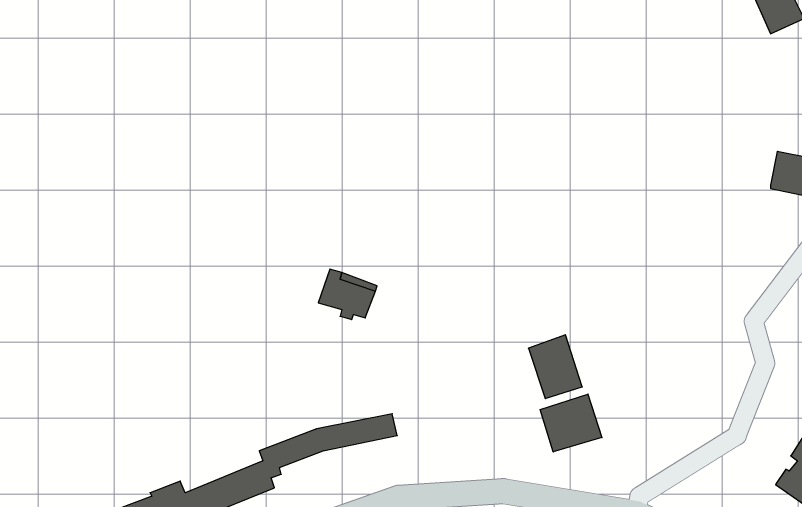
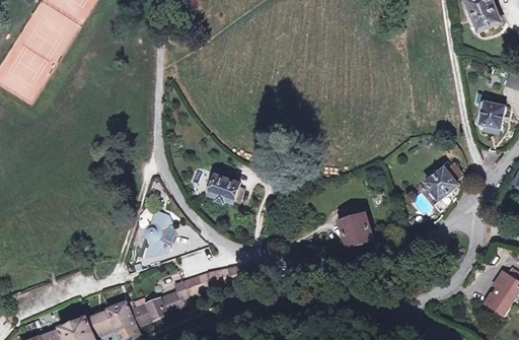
building: none -> [427,163,462,201]
building: none -> [142,212,174,258]
building: [540,394,602,452] -> none

